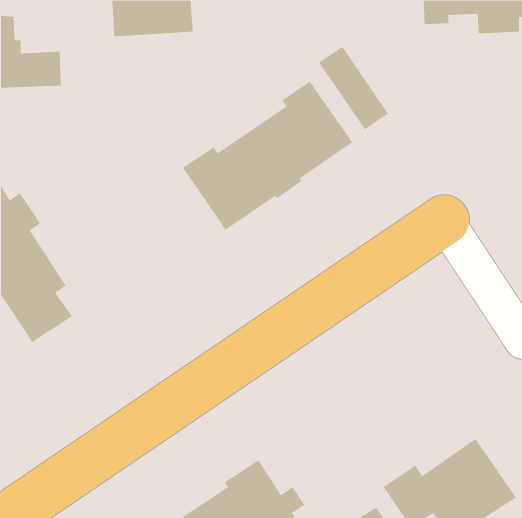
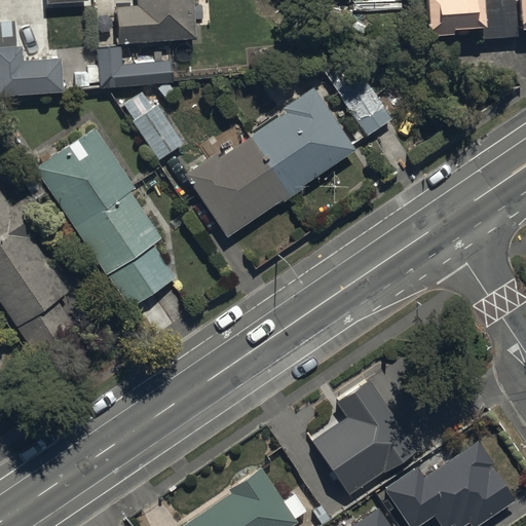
building: none -> [98,46,174,88]
building: none -> [122,93,183,159]
building: none -> [34,126,175,307]
building: none -> [310,379,416,495]

